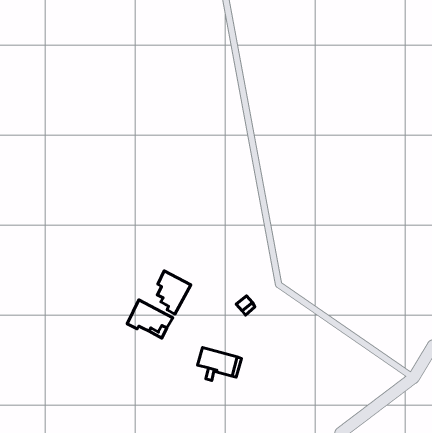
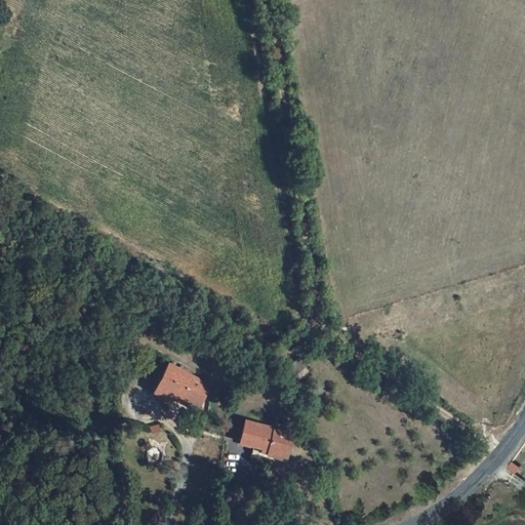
building: [157,271,191,314] -> none

